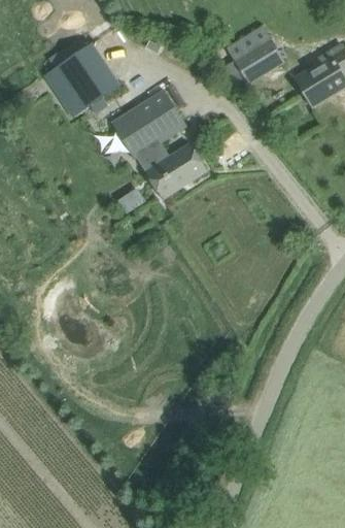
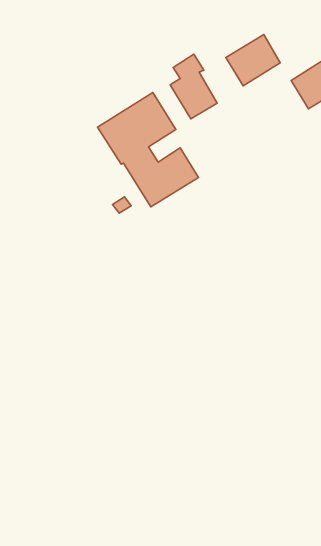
building: [43,42,120,119] -> none
building: none -> [170,54,217,119]

